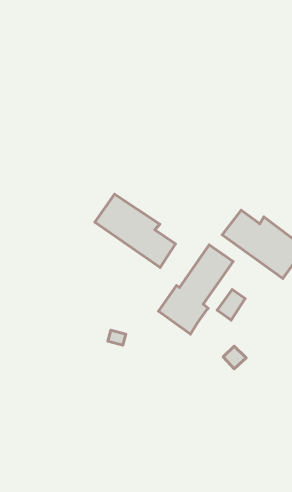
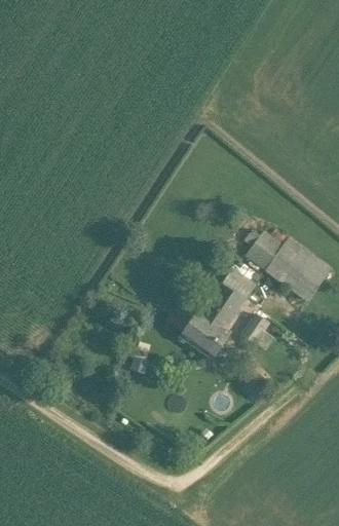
building: [95,194,176,267] -> none

